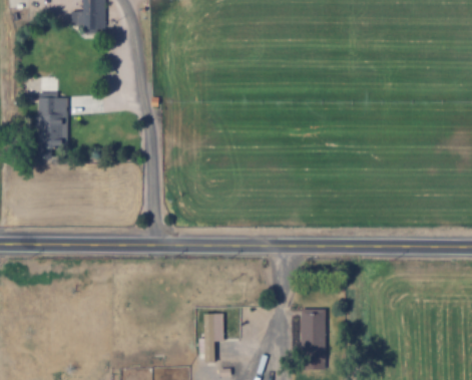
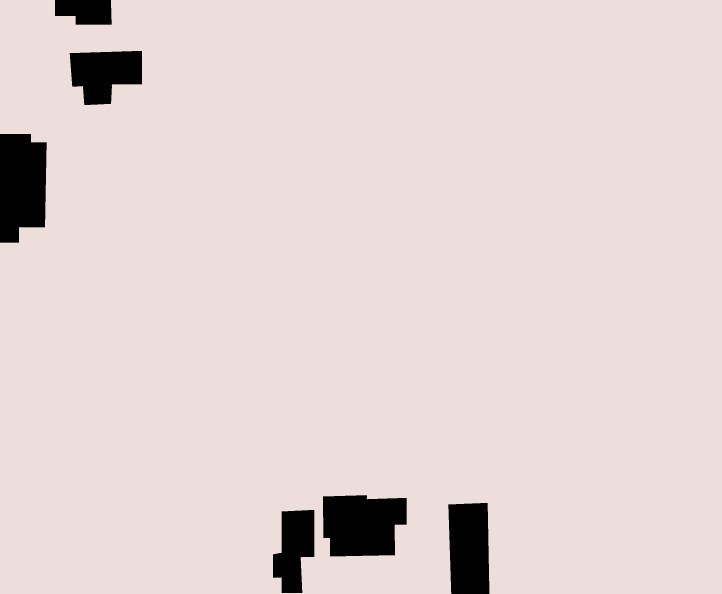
building: none -> [69,50,143,106]
building: none -> [323,494,407,557]

